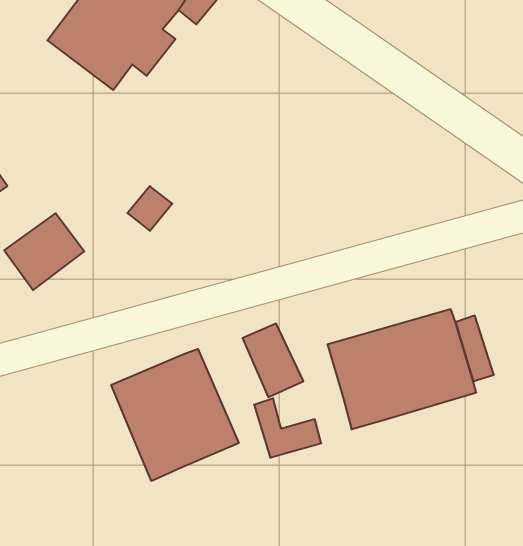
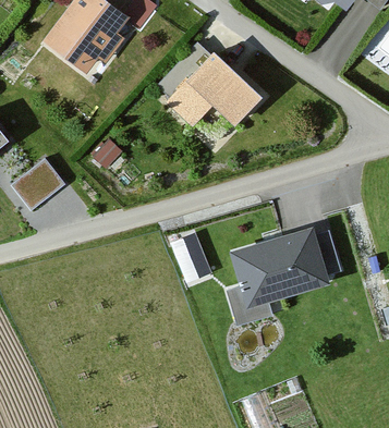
building: none -> [161,45,264,127]
building: [111,349,239,481] -> none
building: [254,398,321,458] -> [227,286,272,327]

